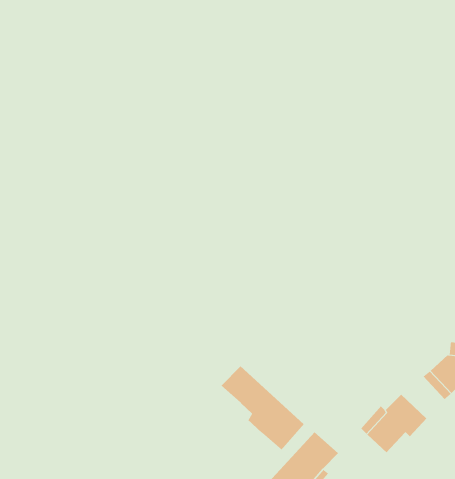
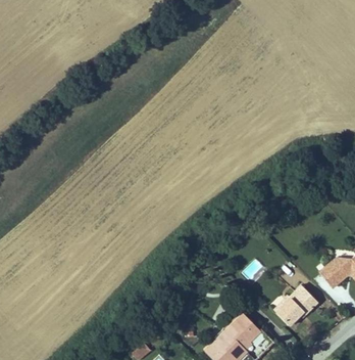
building: [221,365,304,450] -> none

